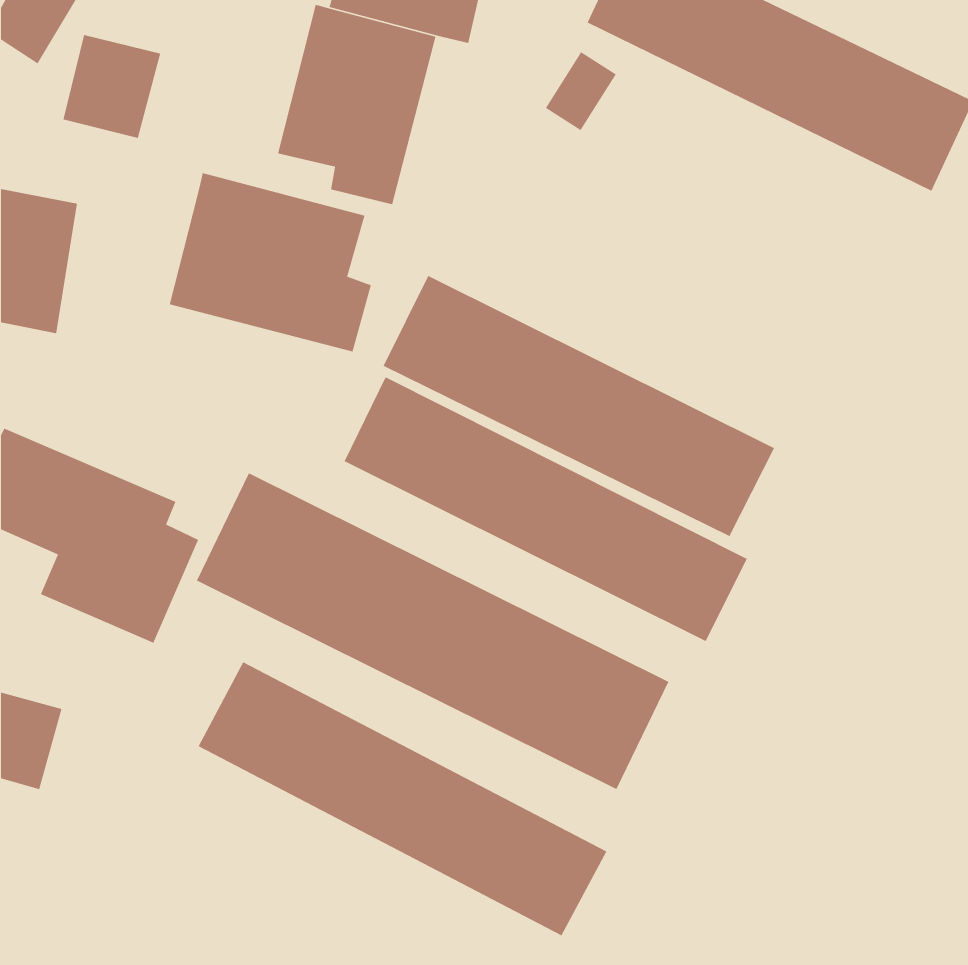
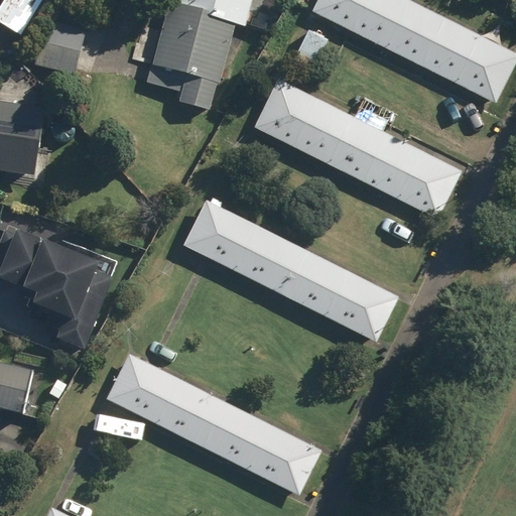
building: [169,172,372,352] -> none
building: [382,275,775,537] -> [254,79,463,218]
building: [196,472,670,790] -> none

